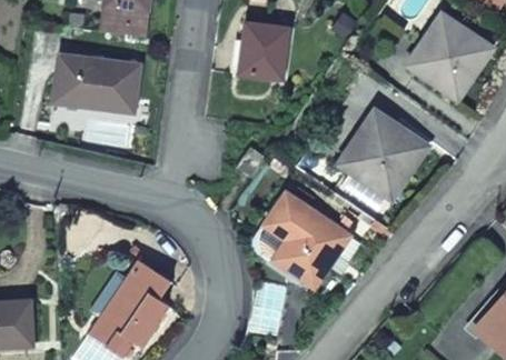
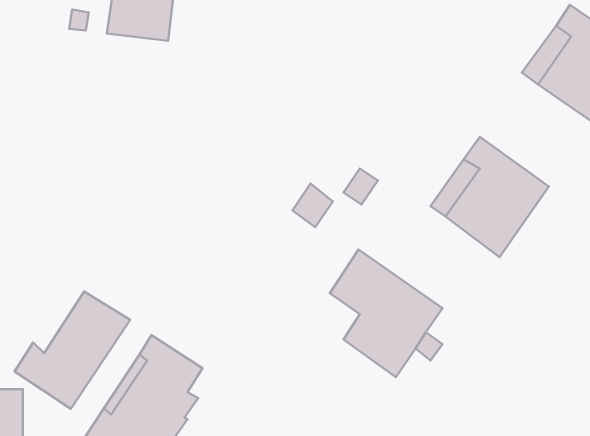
building: [237,26,289,81] -> none
building: [67,51,148,100] -> none
building: none -> [14,292,130,409]

